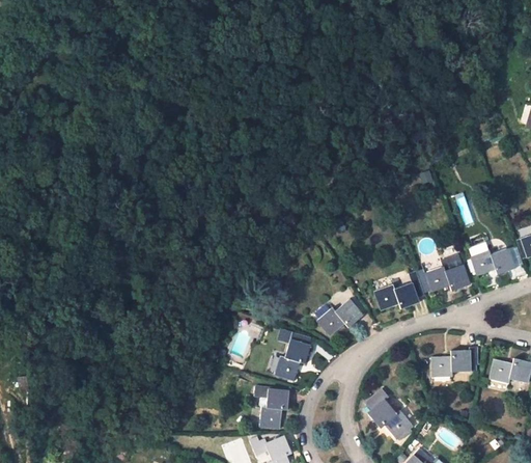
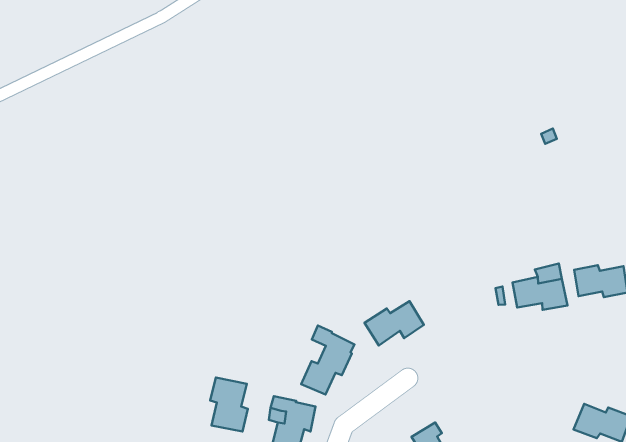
building: [374,282,419,310] -> none
building: [431,347,477,377] -> none
building: none -> [210,378,248,432]

